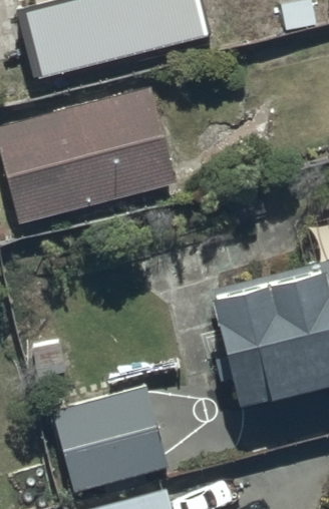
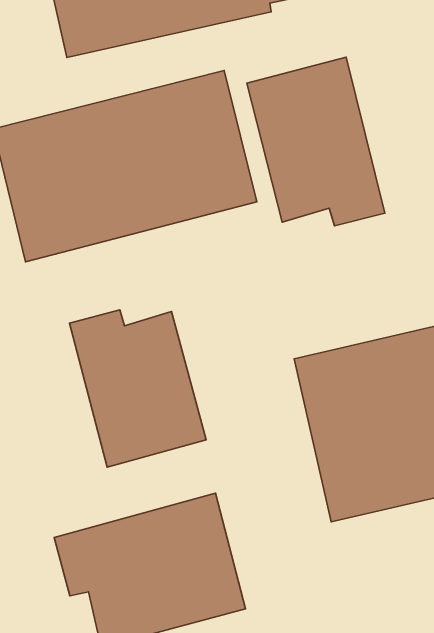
building: none -> [247,57,385,226]
building: none -> [69,310,206,467]

